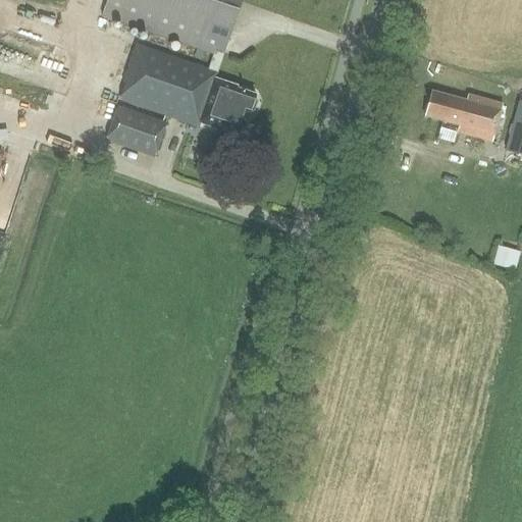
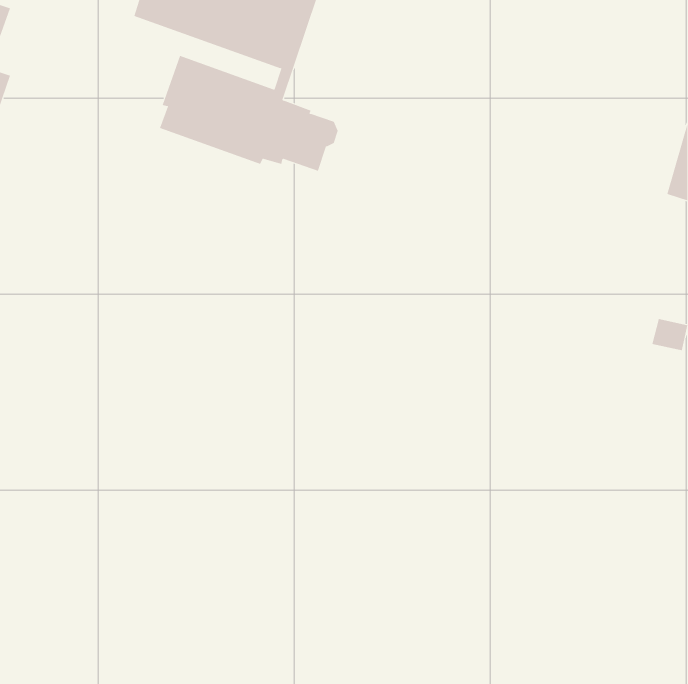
building: [424,89,502,140] -> none
building: [105,102,166,154] -> none

